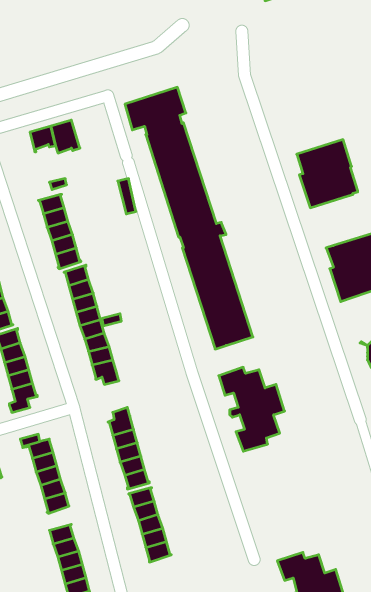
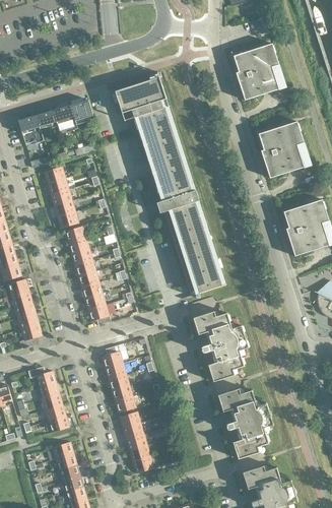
building: none -> [234,44,286,101]
building: none -> [71,100,94,128]
building: none -> [18,115,44,144]
building: none -> [218,388,273,458]

